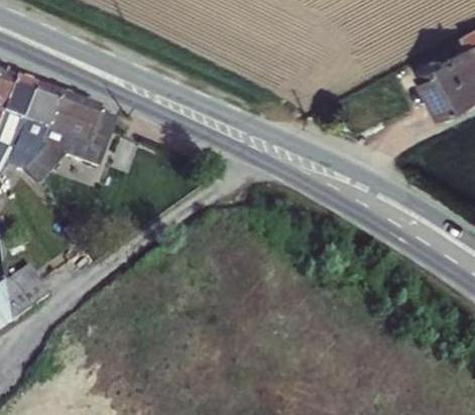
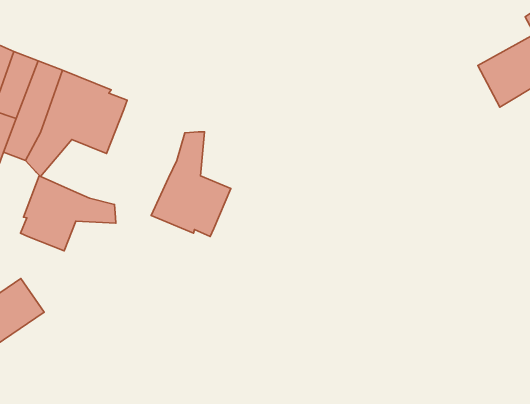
building: none -> [151,132,231,237]
building: none -> [20,176,116,251]

